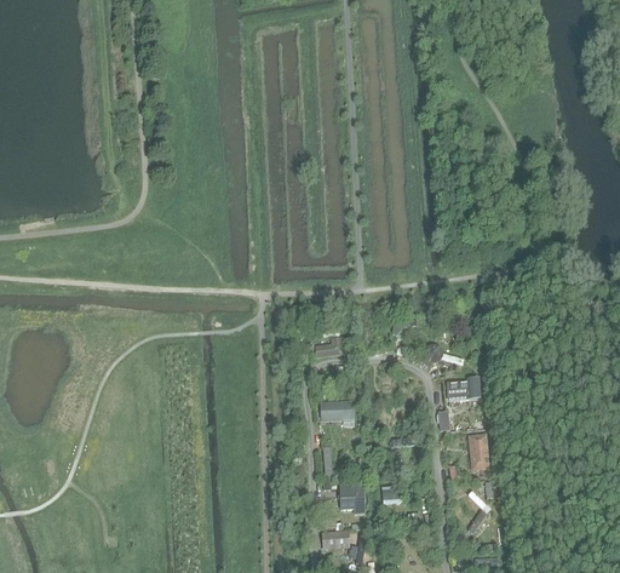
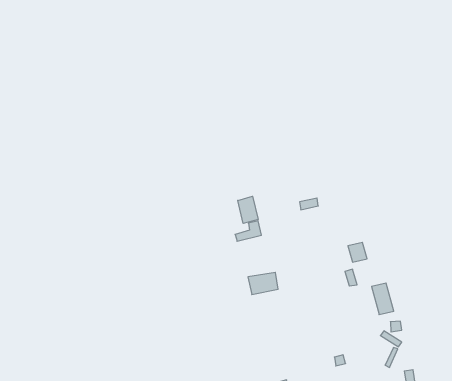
building: none -> [238,196,258,223]
building: [339,485,363,512] -> none

